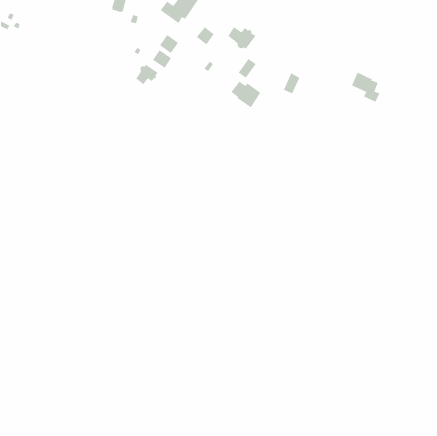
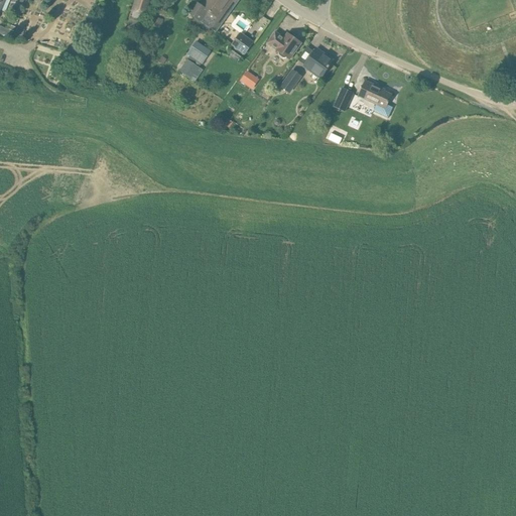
building: [135,64,159,85] -> none
building: [351,72,380,102] -> [359,81,393,117]
building: [231,81,261,108] -> [297,45,334,78]

